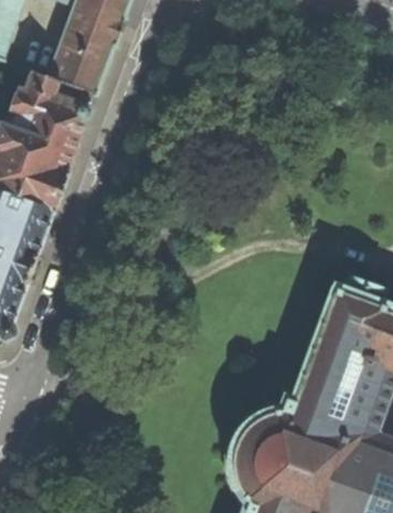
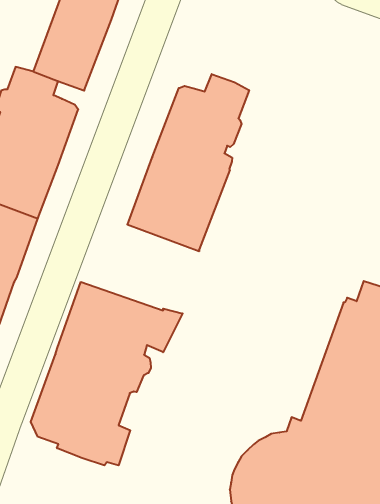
building: none -> [127,74,249,251]
building: none -> [31,282,183,465]

